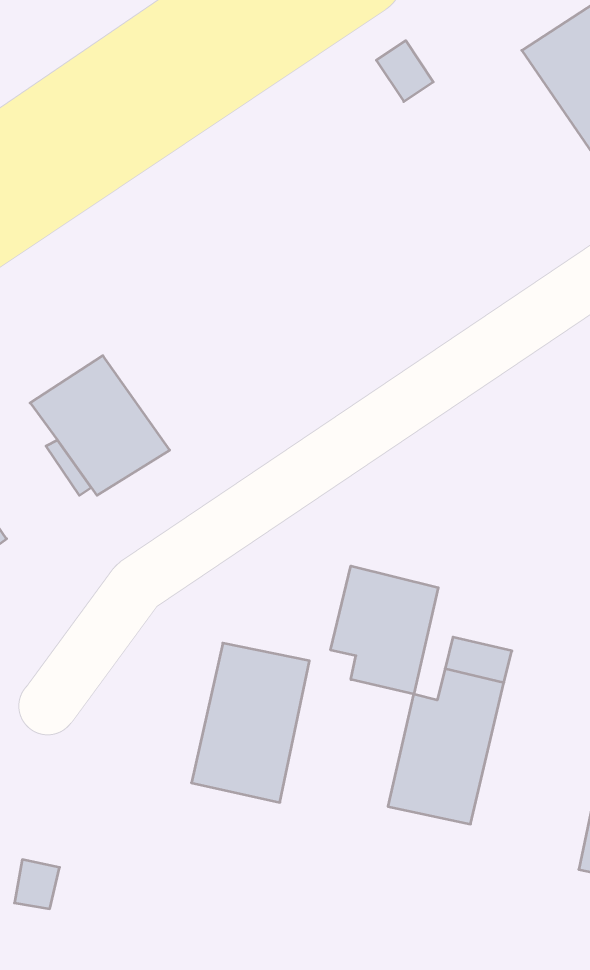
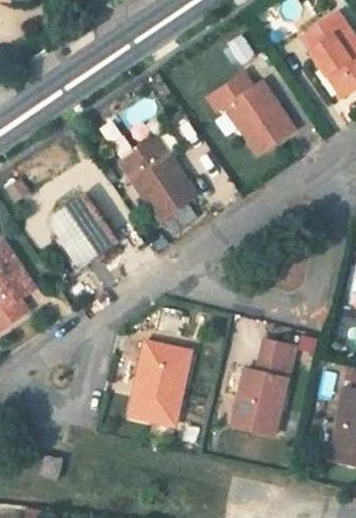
building: none -> [209,73,295,155]
building: none -> [120,138,198,220]
building: [331,566,438,694] -> none

